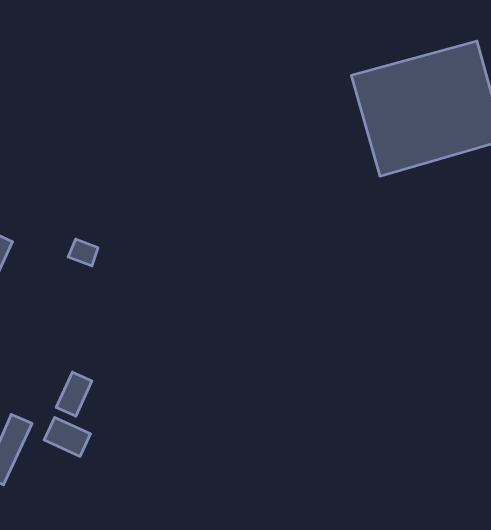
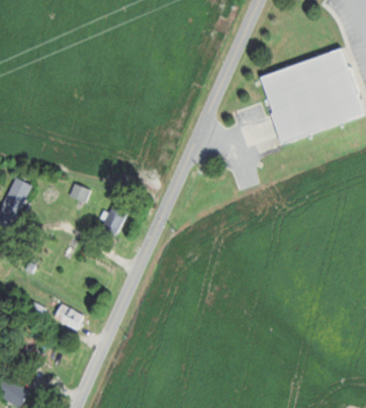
building: none -> [100,203,128,237]
building: [56,372,92,416] -> none

